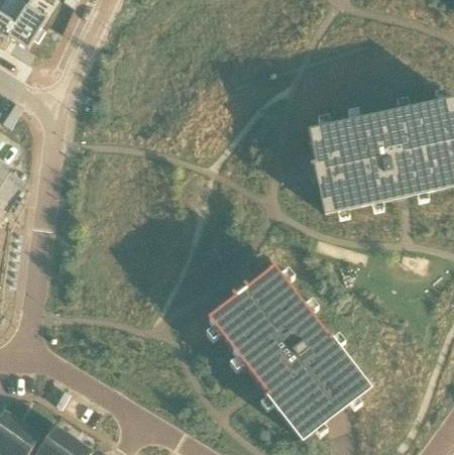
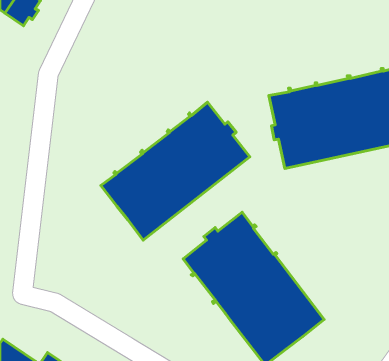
building: none -> [101,102,250,240]

